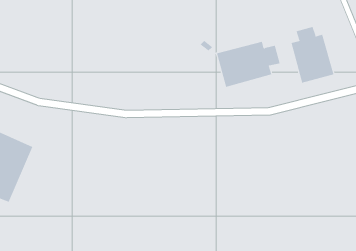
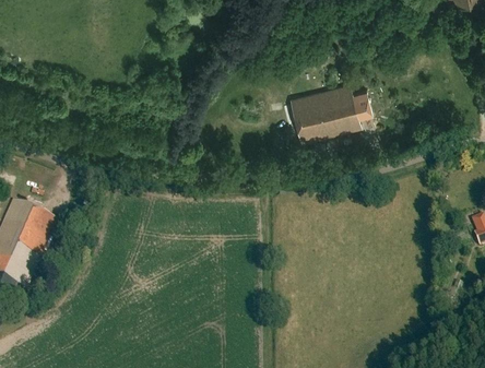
building: [291,26,334,84] -> none

